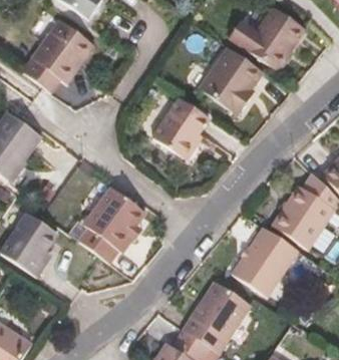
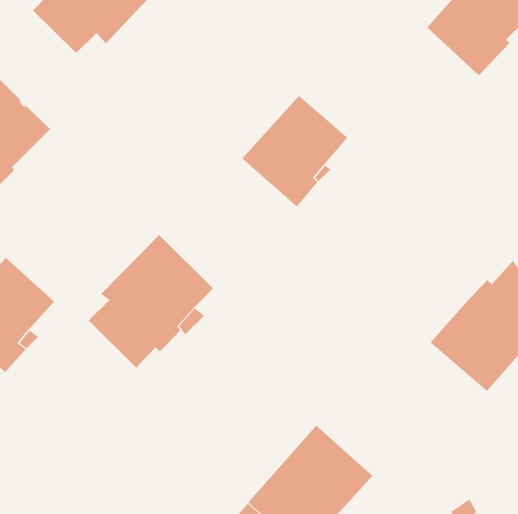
building: [200,47,263,113] -> none
building: [232,227,298,297] -> none

